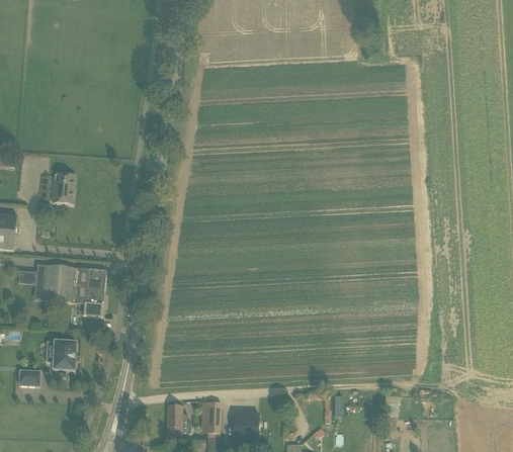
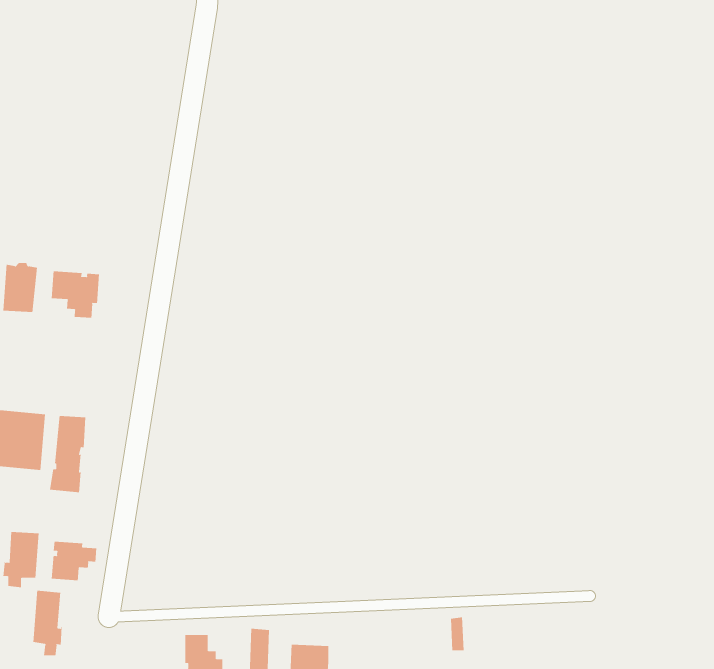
building: none -> [51,270,100,319]
building: none -> [51,541,97,581]
building: none -> [33,590,62,656]

